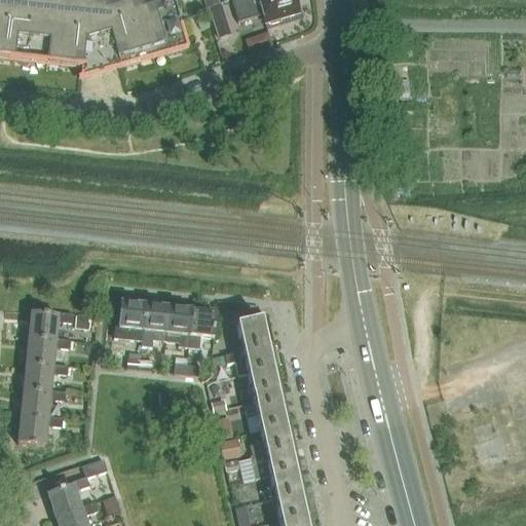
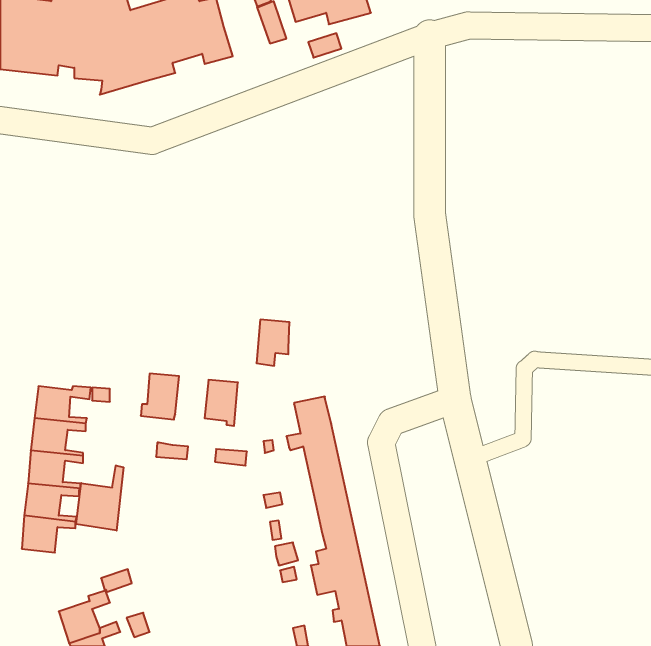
building: [143,302,170,342] -> none
building: [190,307,217,344] -> [256,320,290,366]
building: none -> [76,465,123,531]

